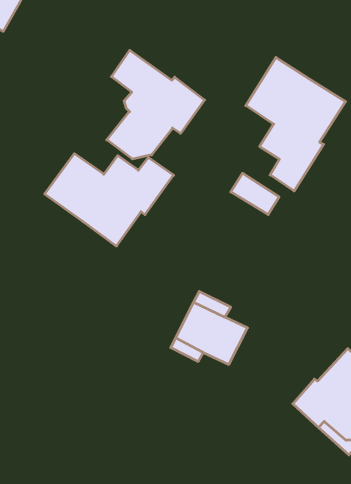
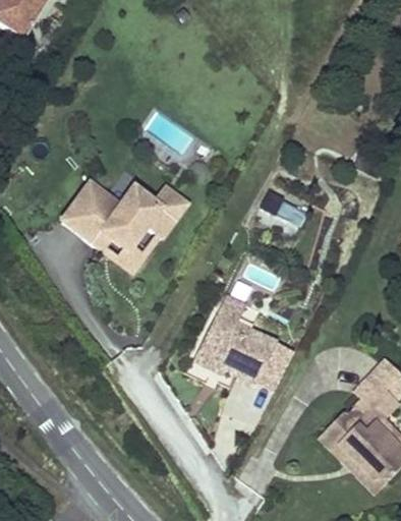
building: [107,50,205,159] -> none
building: [246,57,346,191] -> none

